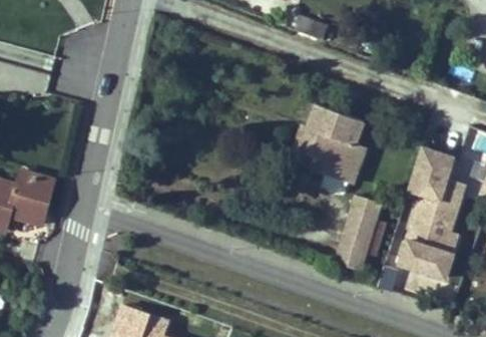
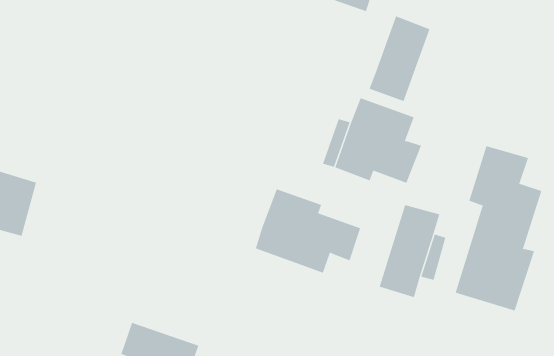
building: none -> [369,15,430,102]
building: none -> [255,188,361,273]

